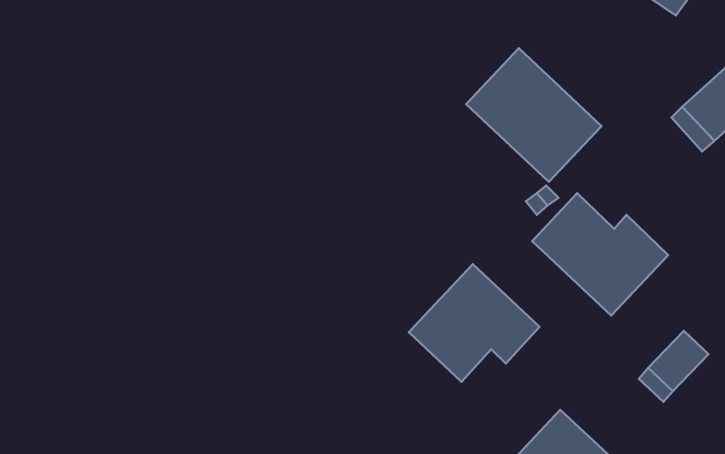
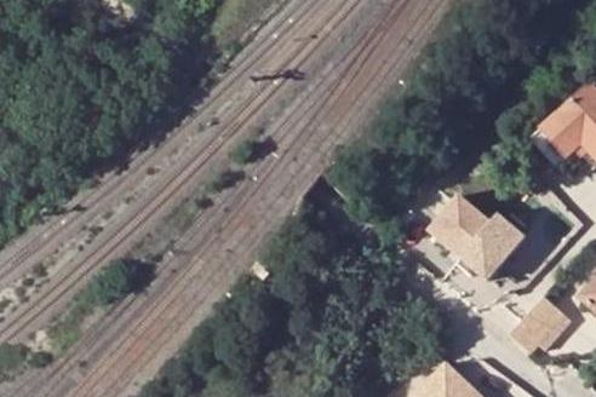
building: [466,48,601,182] -> none
building: [409,264,540,382] -> none

